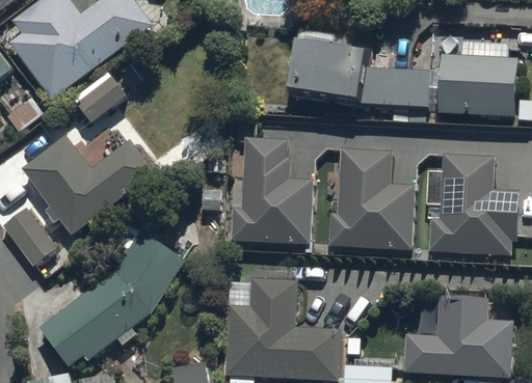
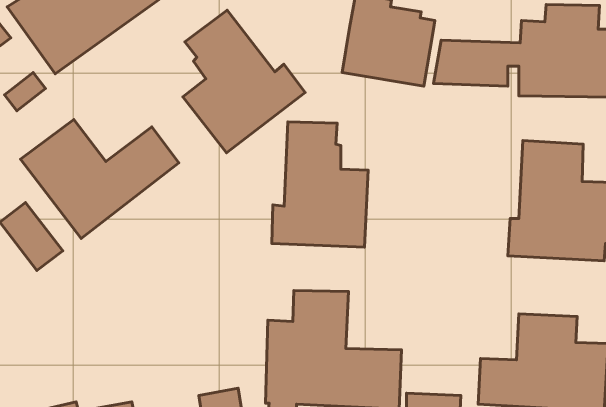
building: none -> [183,10,305,153]
building: [71,71,127,124] -> none
building: [327,149,414,248] -> none
building: [38,223,185,367] -> none

